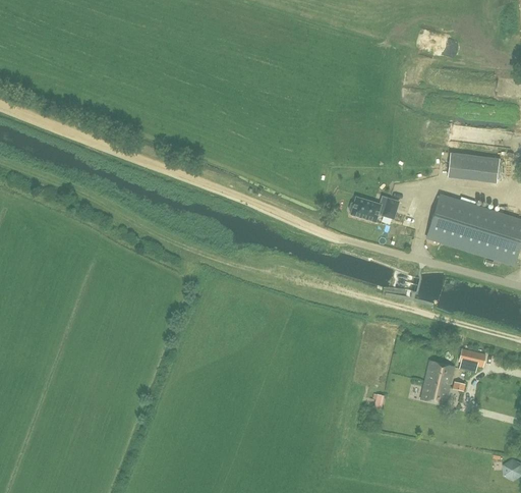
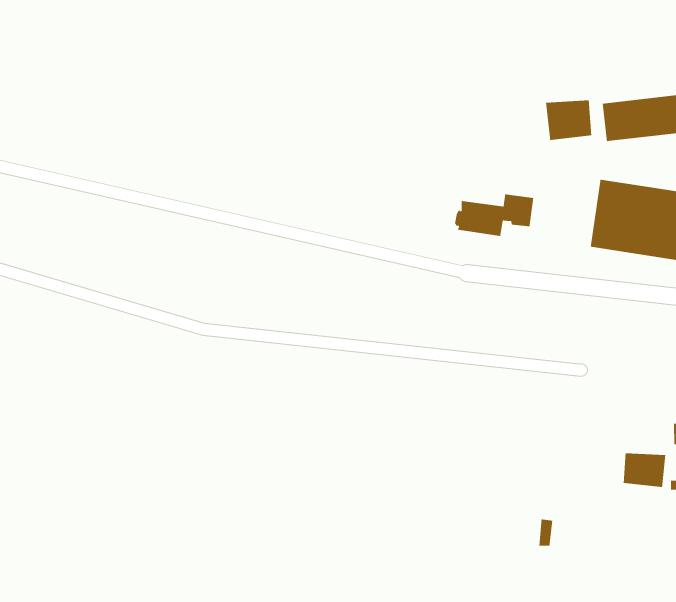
building: none -> [545,100,592,141]
building: [420,380,449,404] -> none

